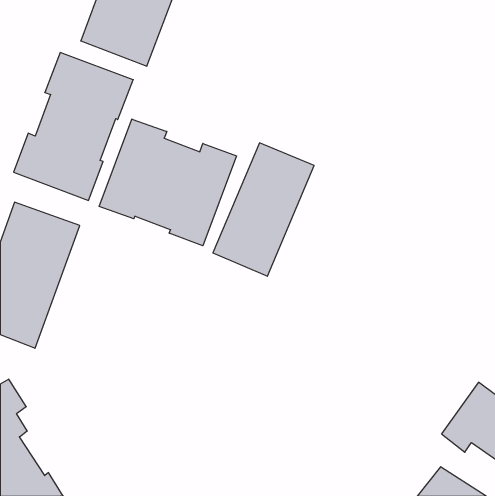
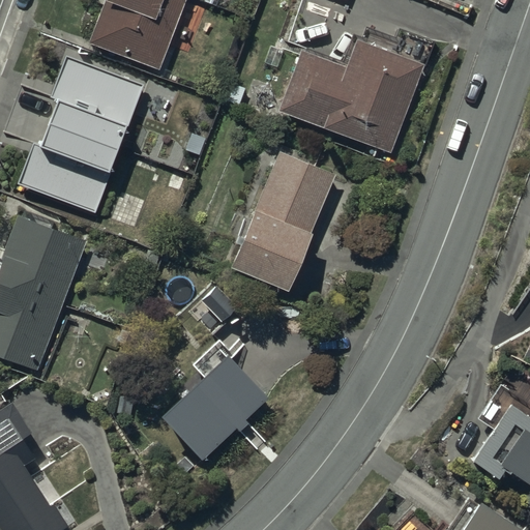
building: none -> [276,32,426,153]
building: [99,119,236,246] -> none
building: none -> [159,356,266,461]

